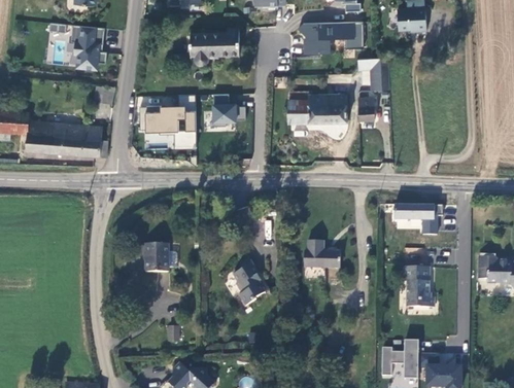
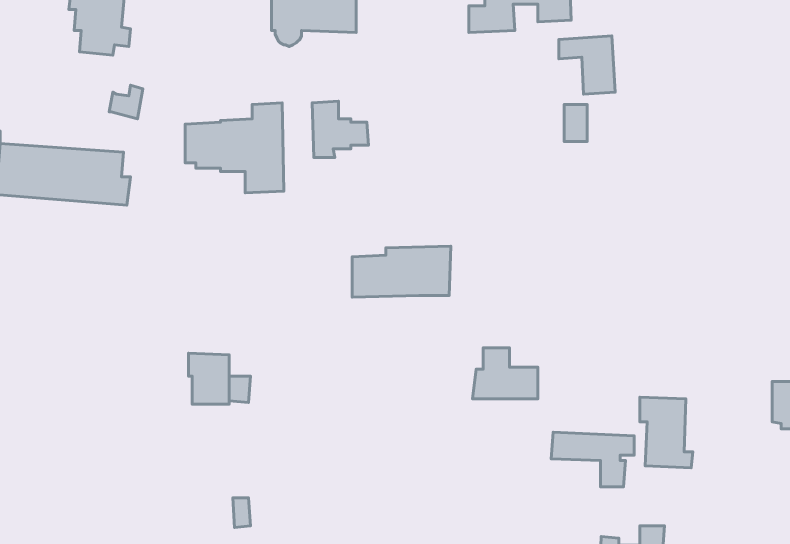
building: [287,93,345,122] -> [352,246,451,297]
building: [392,203,441,235] -> [551,432,634,487]
building: [234,263,264,309] -> none

